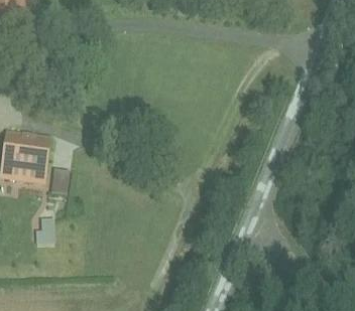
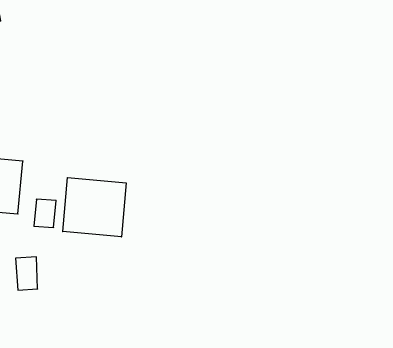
building: none -> [63,178,126,237]

